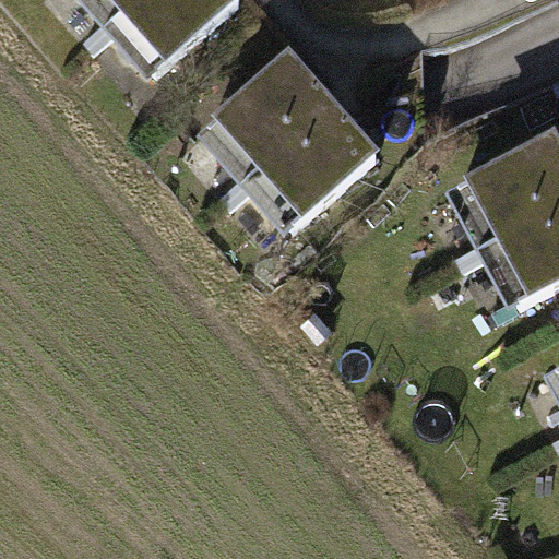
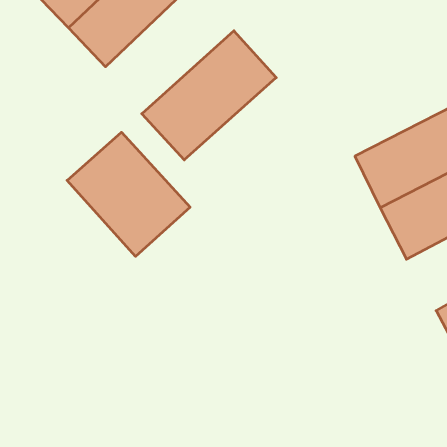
building: [240,94,395,242] -> none
building: none -> [67,132,190,256]

